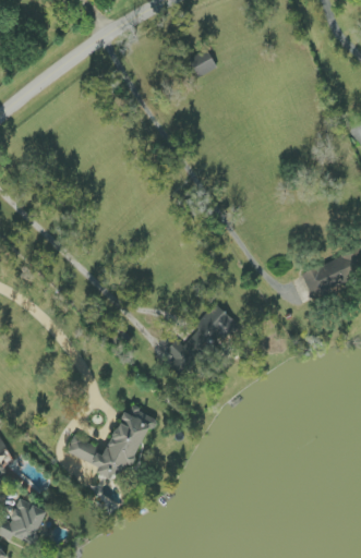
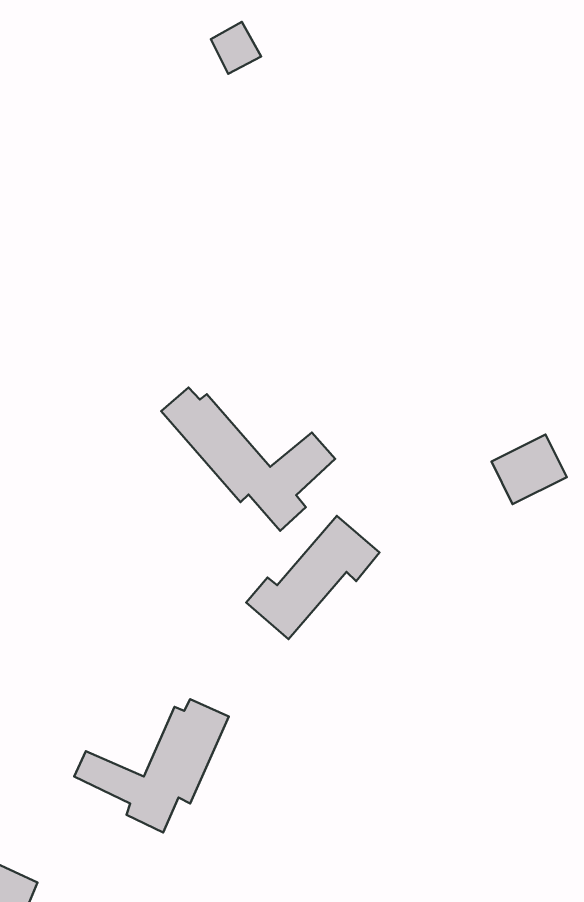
building: [189,48,217,77] -> [211,22,261,74]
building: none -> [161,388,335,531]

